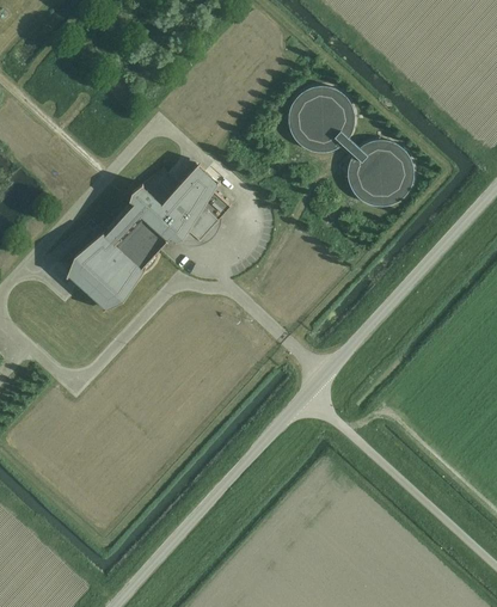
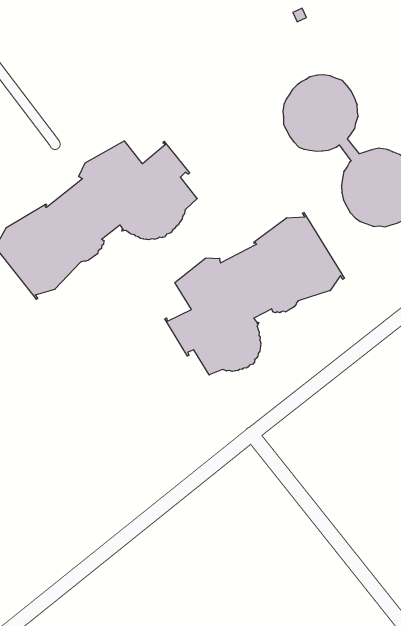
building: none -> [165,212,344,375]

